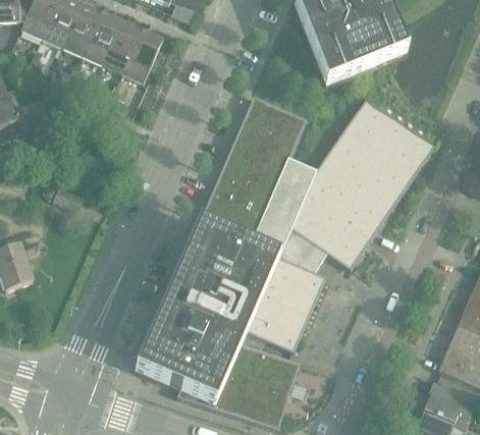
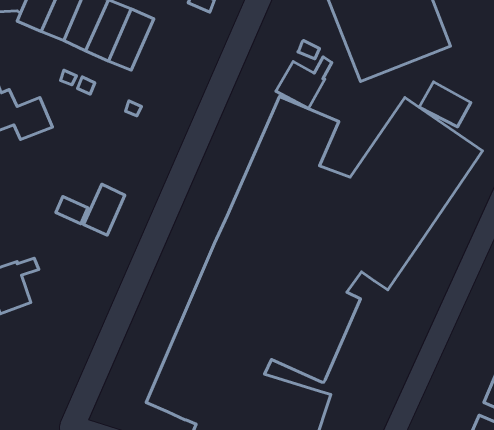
building: [121,28,162,84] -> none
building: none -> [276,57,332,109]
building: none -> [419,82,471,127]
building: none -> [83,184,125,235]

